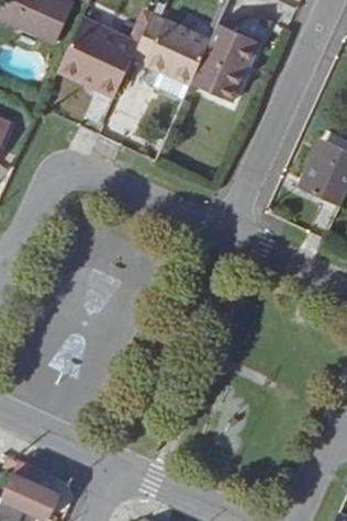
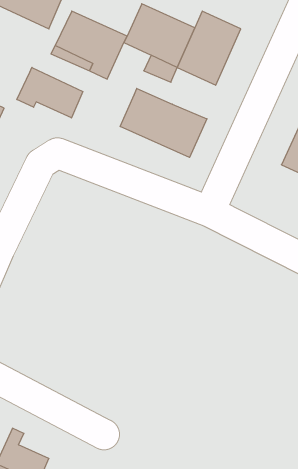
building: none -> [17,67,83,118]
building: none -> [120,88,207,157]

